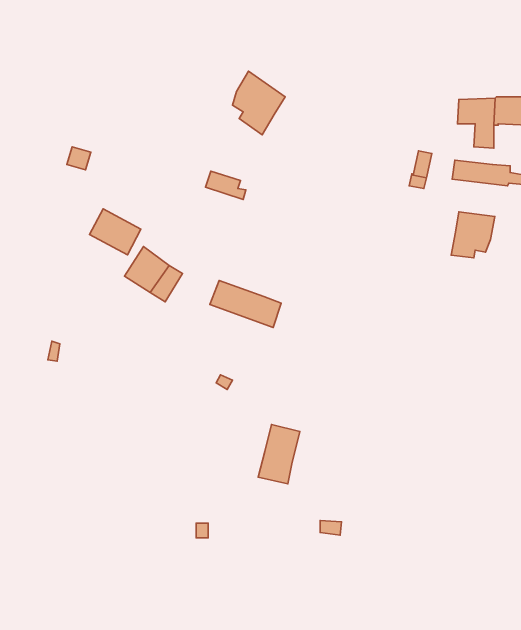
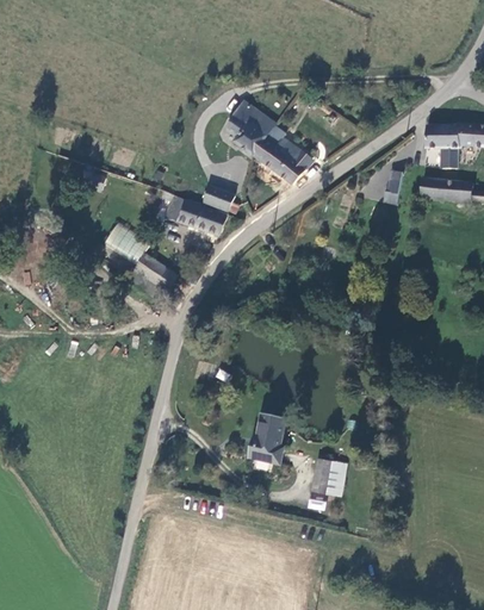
building: none -> [253,137,315,182]
building: [451,212,495,258] -> none
building: [210,280,281,328] -> [166,194,229,236]
building: none -> [310,459,340,493]

